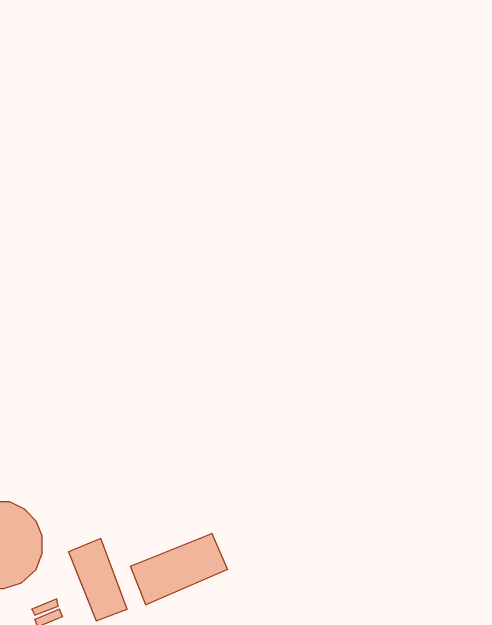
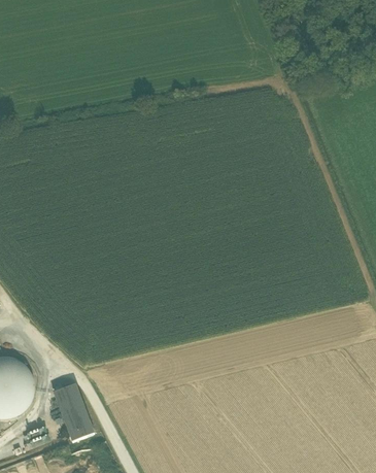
building: [131,533,227,605] -> none

